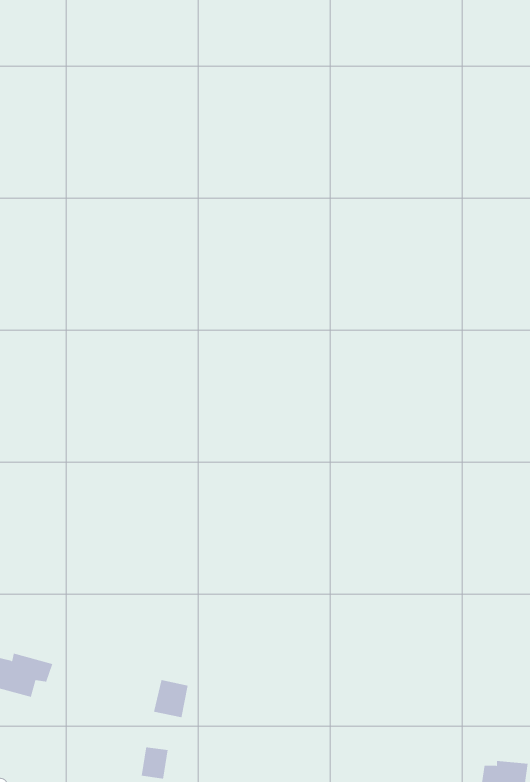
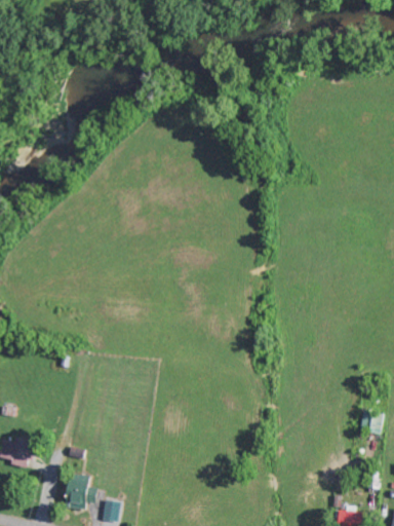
building: [153,679,188,718] -> [66,485,89,511]

